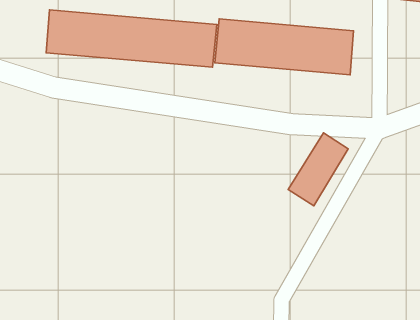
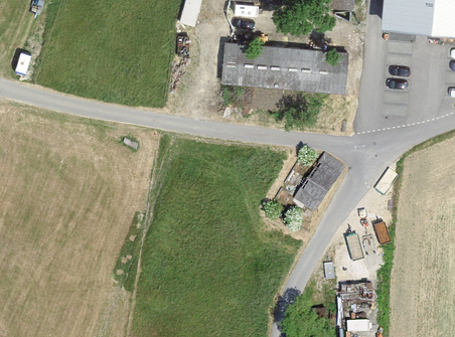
building: [46,10,217,67] -> none

